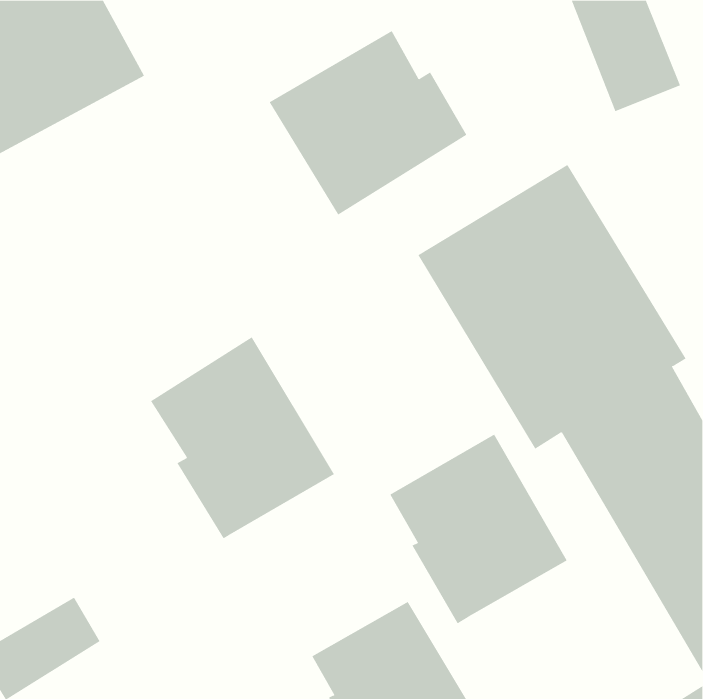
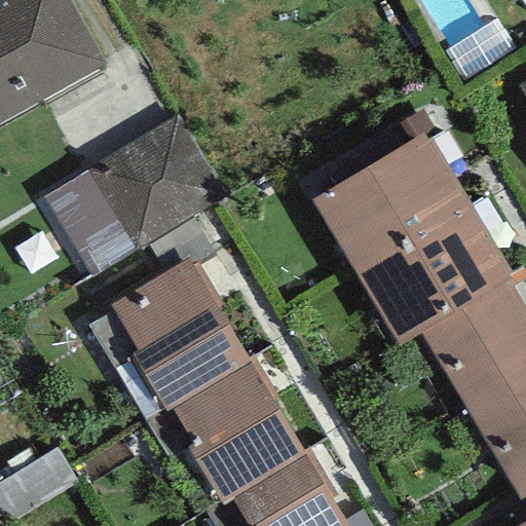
building: [269,30,467,216] -> none
building: none -> [45,118,224,275]
building: [390,434,567,624] -> [172,358,304,499]

